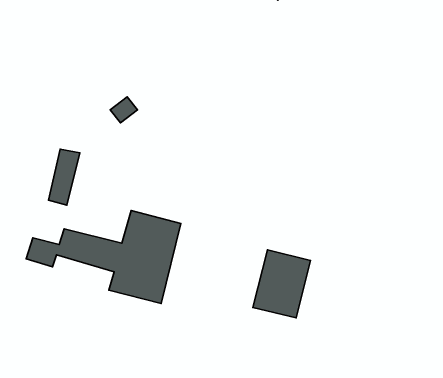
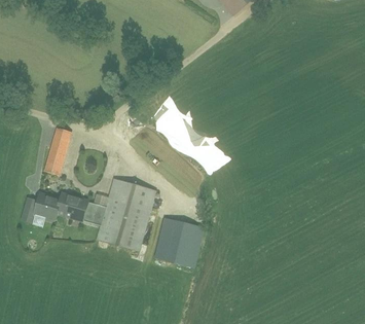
building: [253,250,311,318] -> [157,217,203,271]

